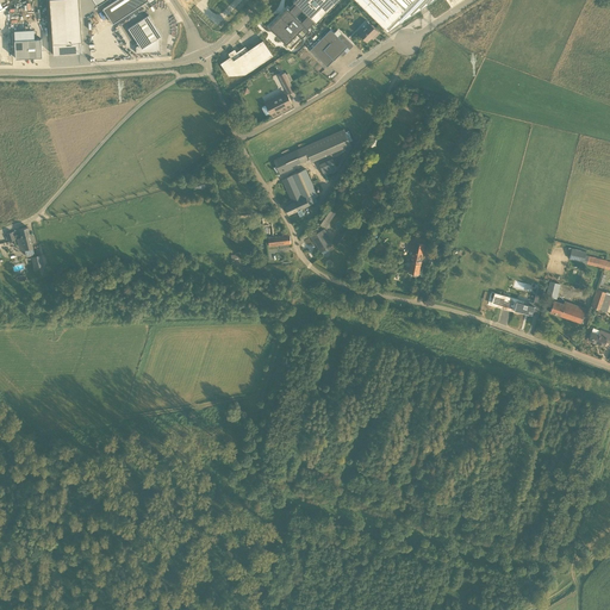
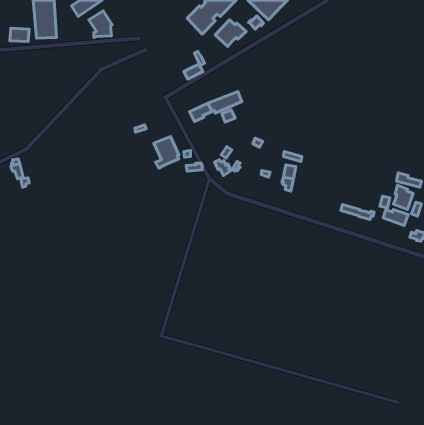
building: [219,41,272,75] -> none
building: [281,169,317,214] -> [154,136,179,168]
building: none -> [393,185,413,209]

